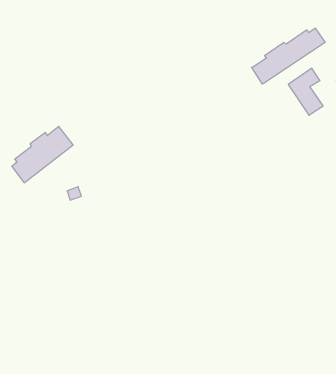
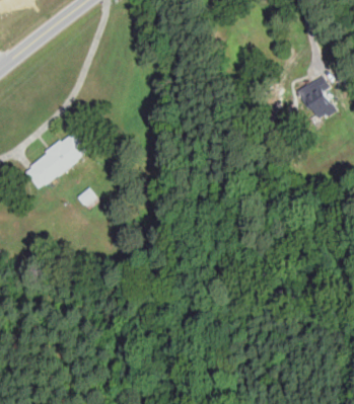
building: [252,28,325,84] -> none

